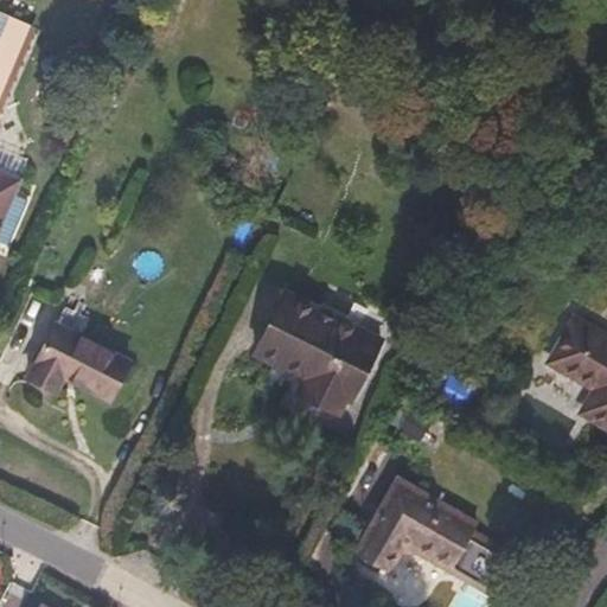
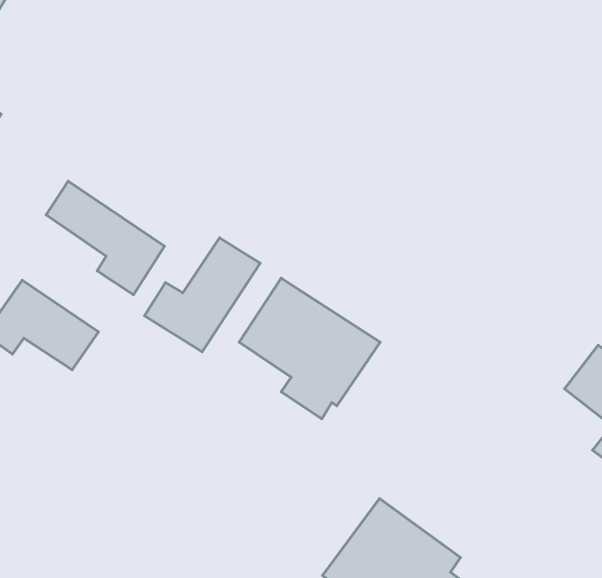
building: none -> [46,181,165,295]
building: none -> [144,238,260,352]

